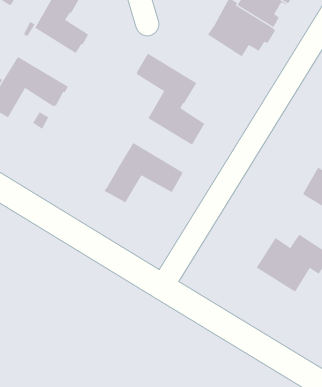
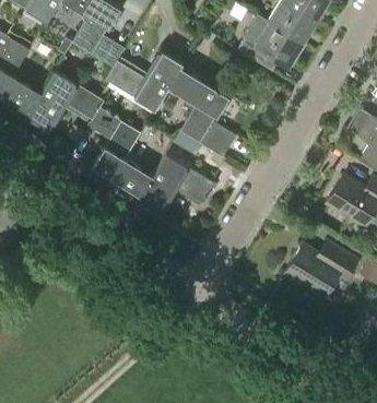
building: none -> [104,51,181,111]
building: none -> [85,106,152,197]

